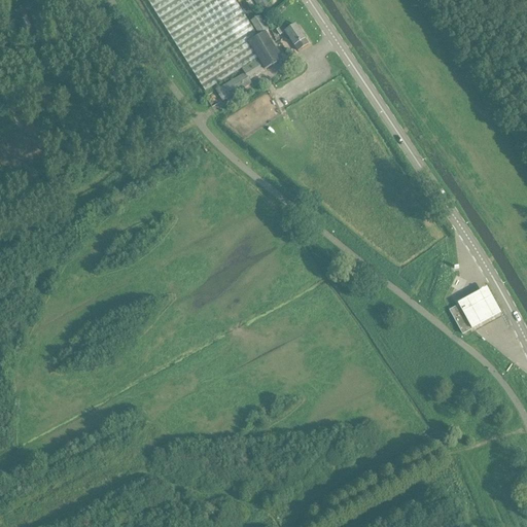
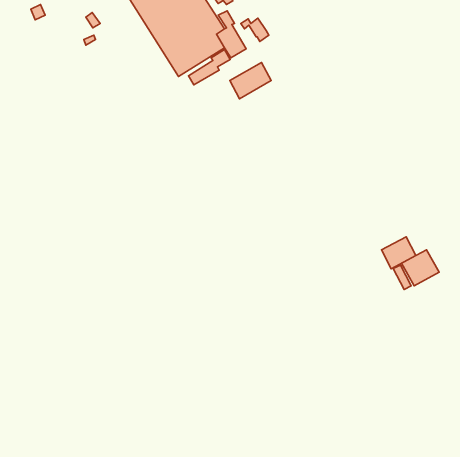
building: none -> [230,63,271,99]
building: none -> [382,237,416,269]

